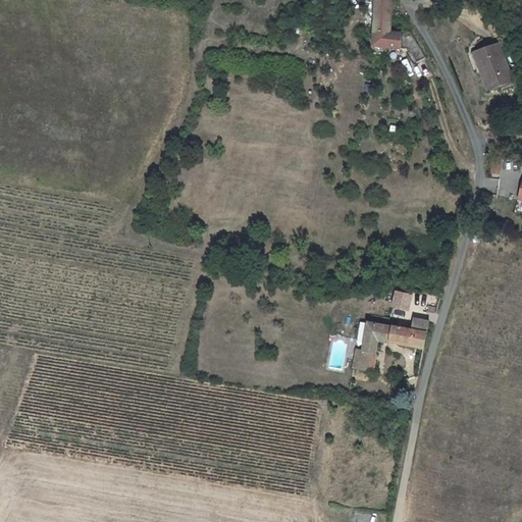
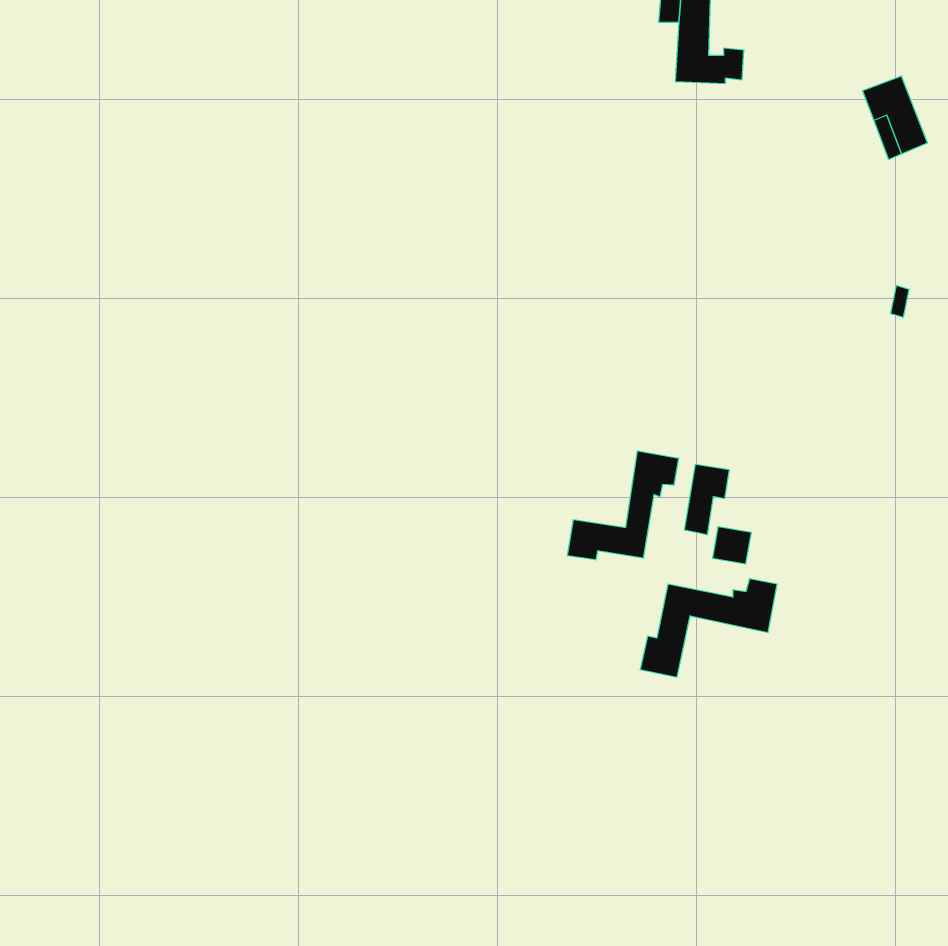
building: none -> [567,451,678,560]
building: none -> [685,464,729,535]

